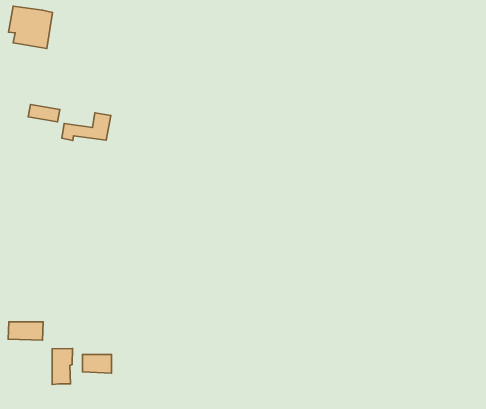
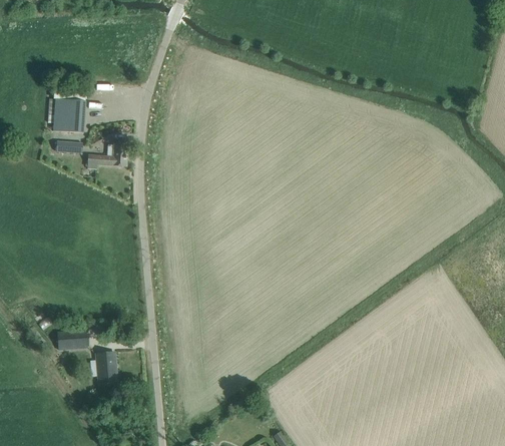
building: [8,6,53,48] -> [48,98,85,132]
building: [82,355,112,373] -> none

